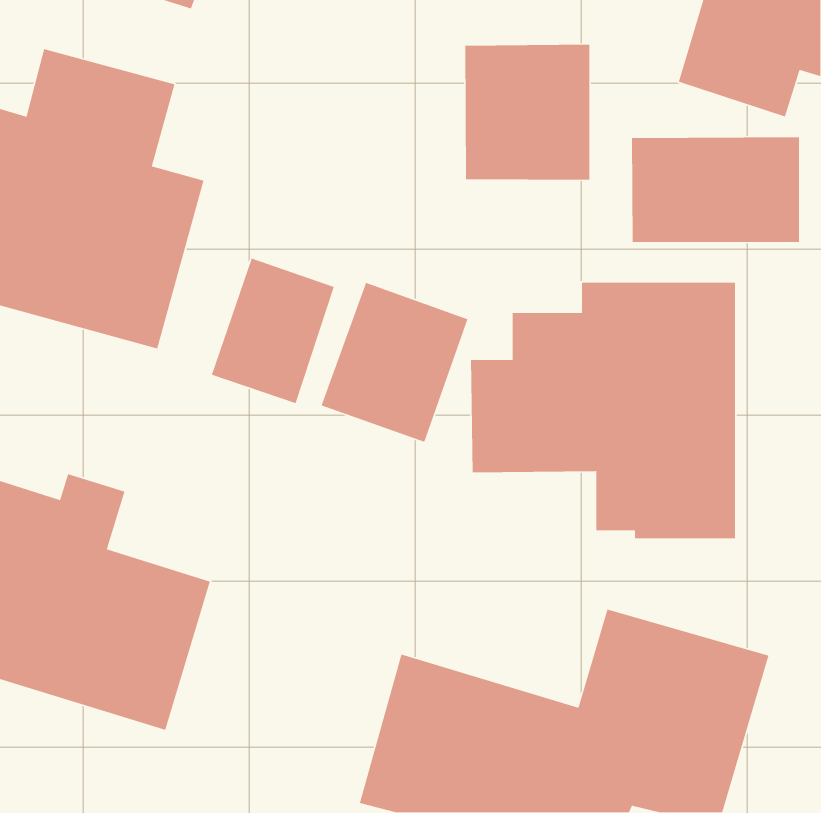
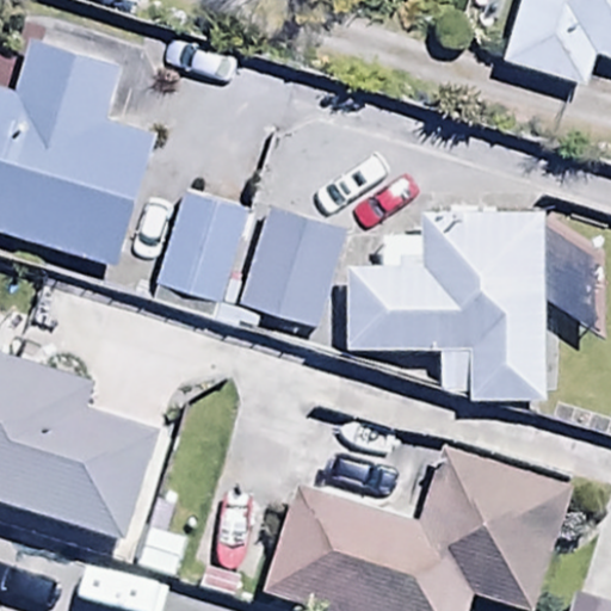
building: [465,44,590,180] -> none
building: [631,136,800,243] -> none

